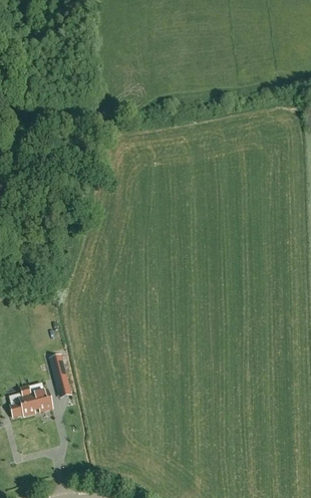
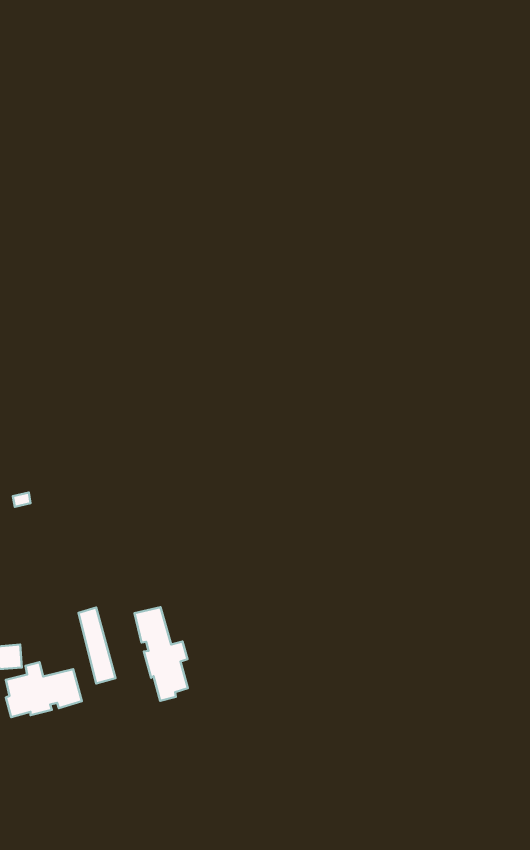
building: none -> [135,607,188,701]

